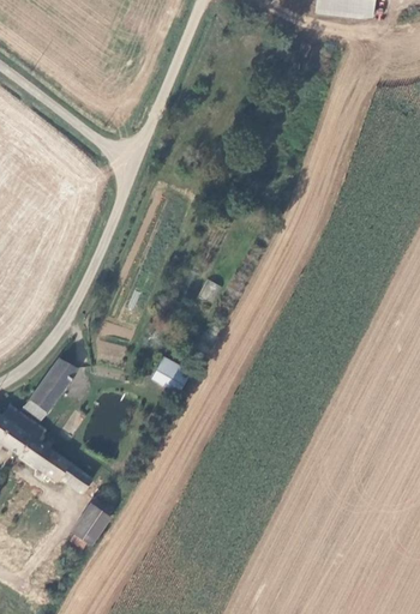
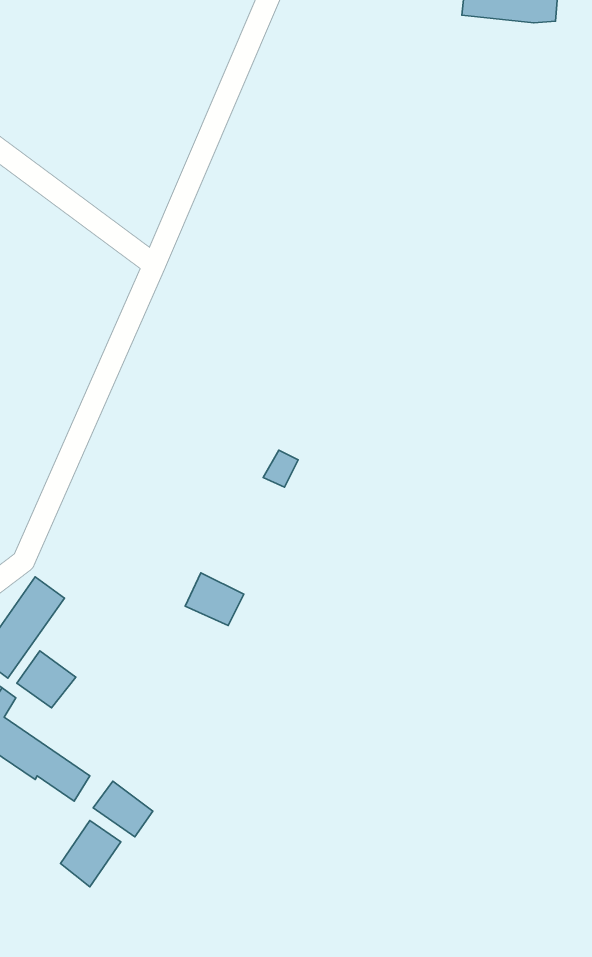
building: none -> [17,651,76,708]
building: none -> [93,781,153,837]

